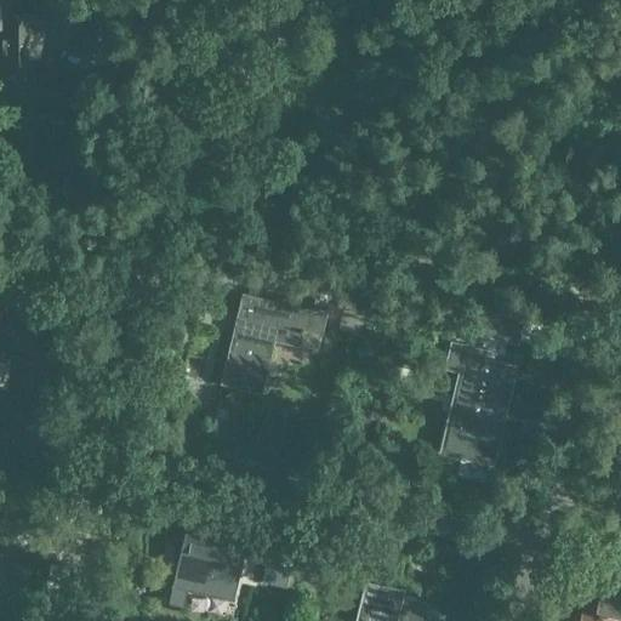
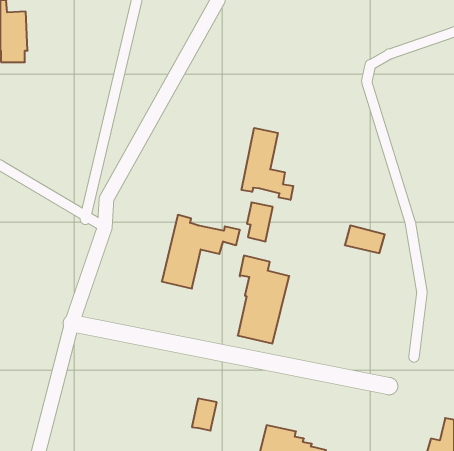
building: none -> [242,128,293,200]
building: [443,344,513,465] -> [238,256,289,344]
building: [170,535,247,609] -> none

